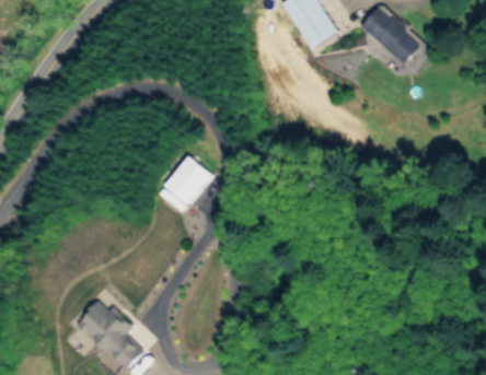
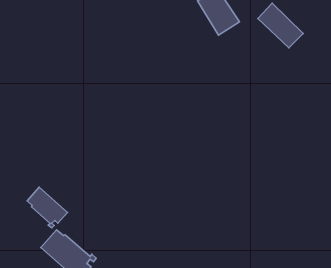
building: [165,155,213,204] -> none
building: none -> [27,187,67,228]

